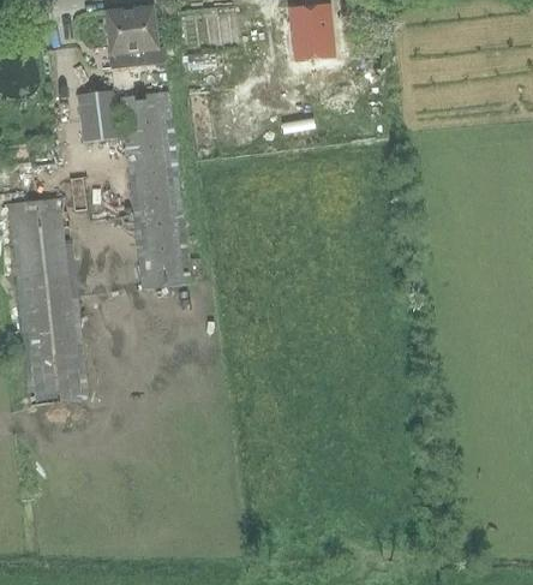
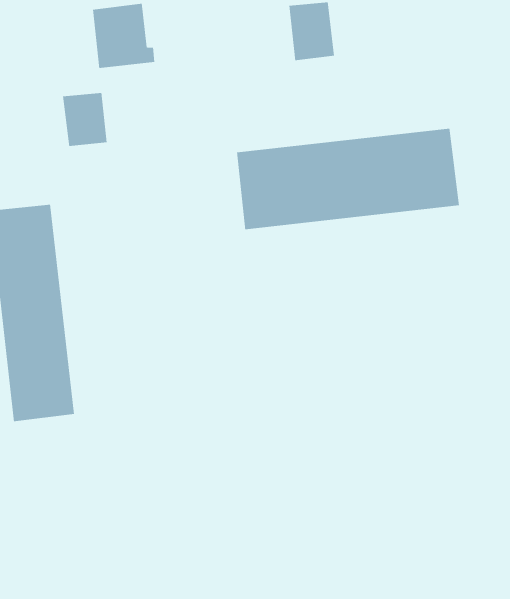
building: [120,90,191,287] -> none
building: none -> [236,128,459,230]

